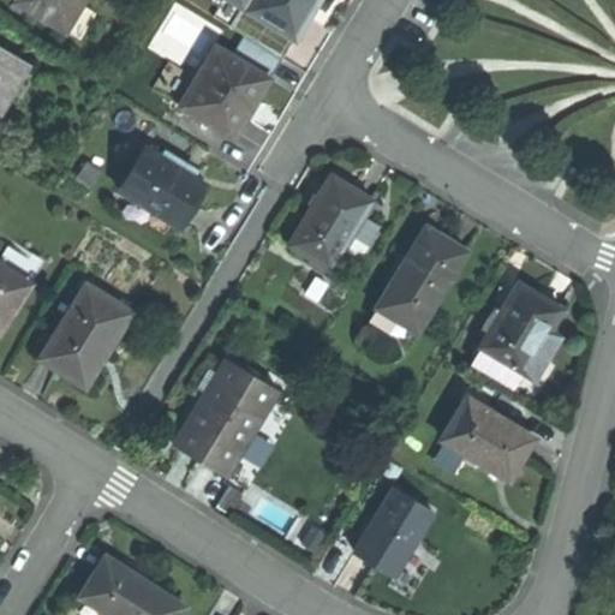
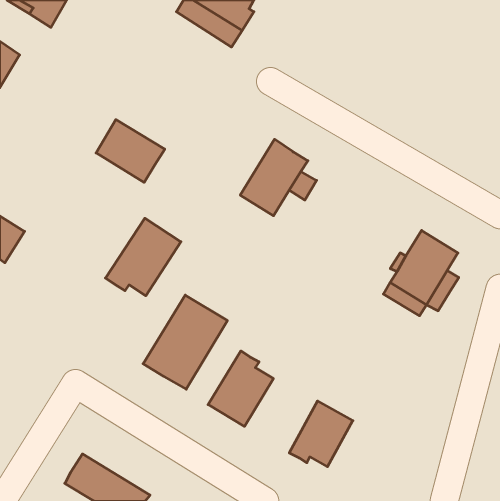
building: [195,43,271,132] -> none
building: [380,228,471,330] -> none
building: [37,283,130,378] -> [105,218,181,296]
building: [441,394,533,476] -> none
building: none -> [208,351,273,426]

